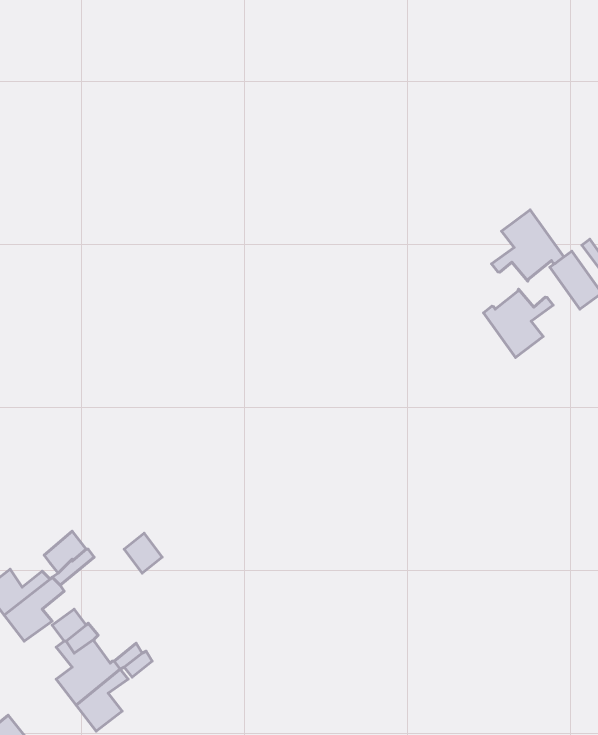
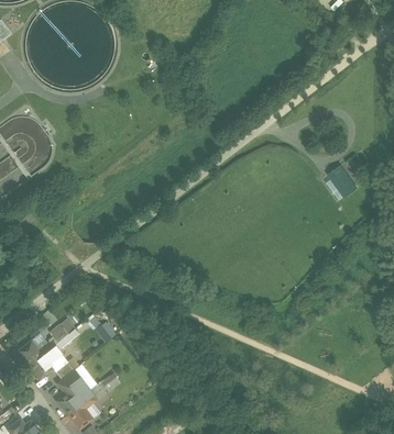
building: [492,210,564,281] -> none
building: [484,289,553,357] -> none

